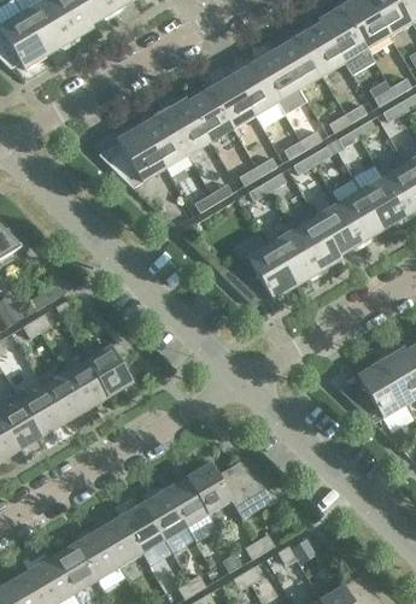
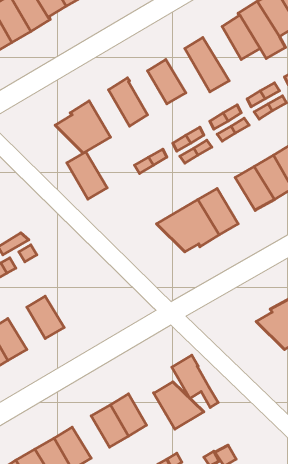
building: [275,36,321,89] -> none
building: [230,63,283,128] -> none
building: [186,89,232,142] -> none
building: [139,112,187,169] -> [67,152,107,199]
building: [292,217,341,272] -> none
building: [86,341,131,397] -> none
building: [41,373,86,423] -> none
building: [186,462,241,524] -> [172,355,218,408]
building: [118,503,163,553] -> none

